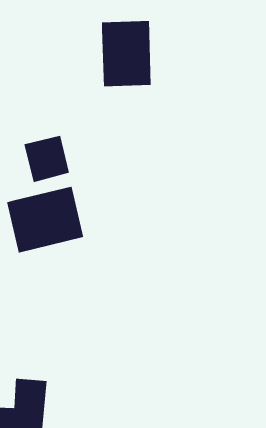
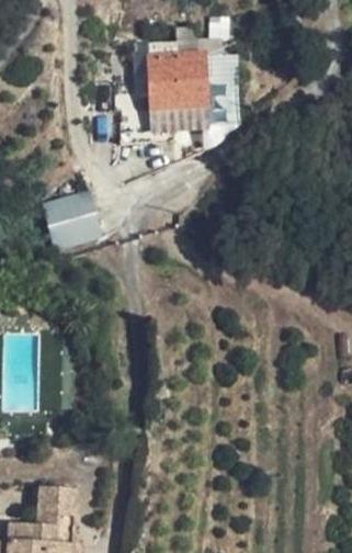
building: [6,186,84,253] -> none

